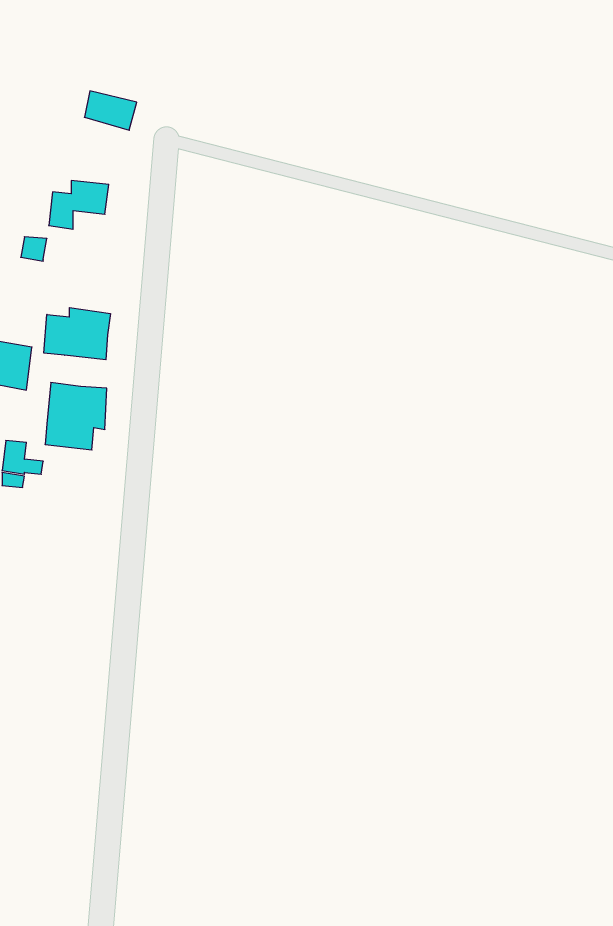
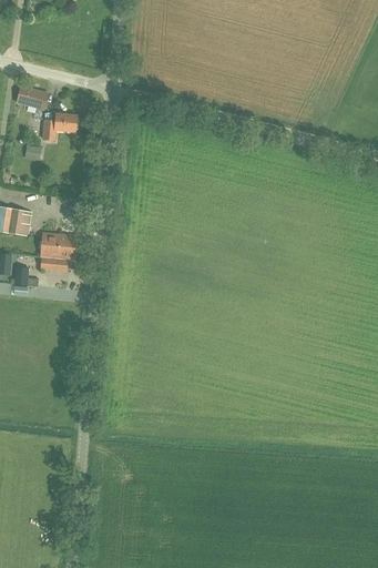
building: [84,91,137,130] -> [17,87,48,110]
building: [44,308,110,360] -> none

